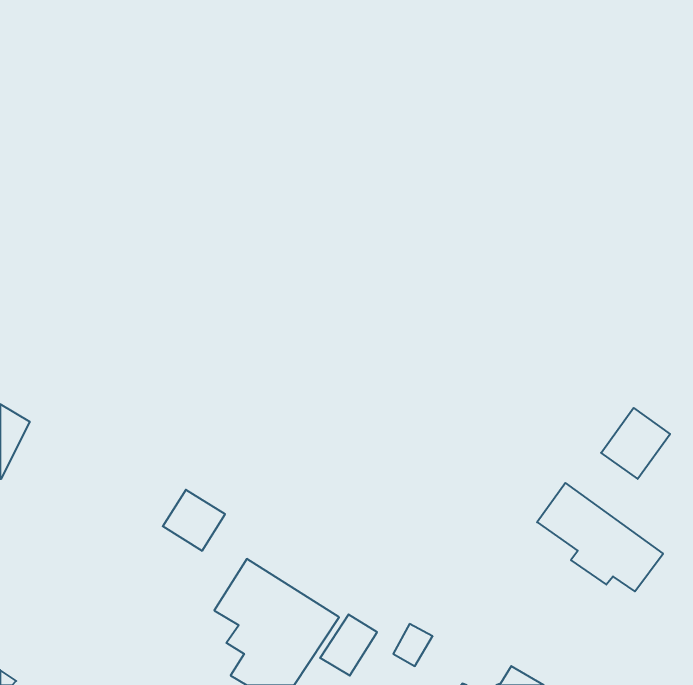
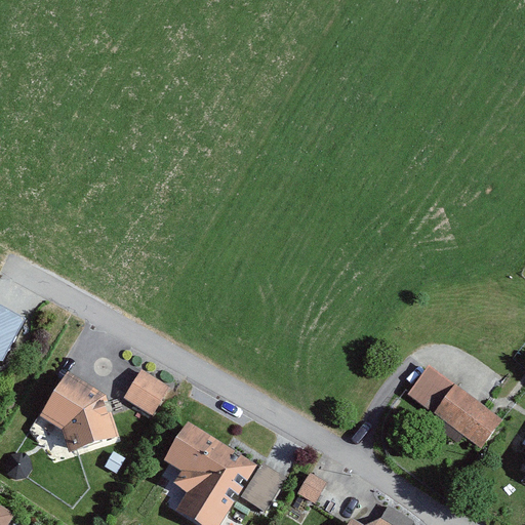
building: [601,408,670,479] -> none
building: none -> [39,372,117,452]

